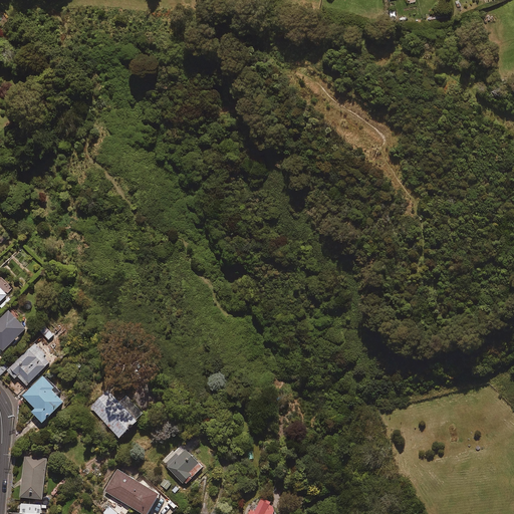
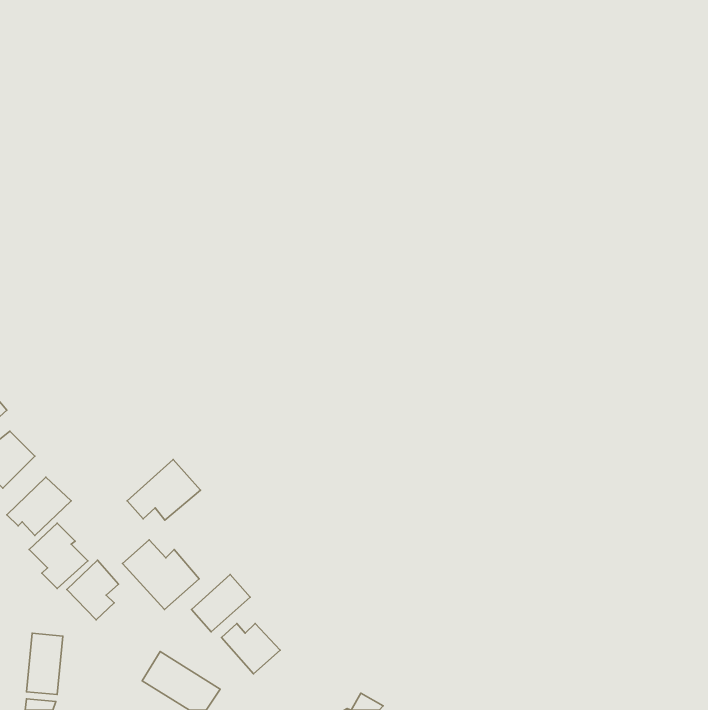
building: none -> [127,460,200,520]
building: none -> [67,560,119,620]
building: none -> [191,575,250,632]

